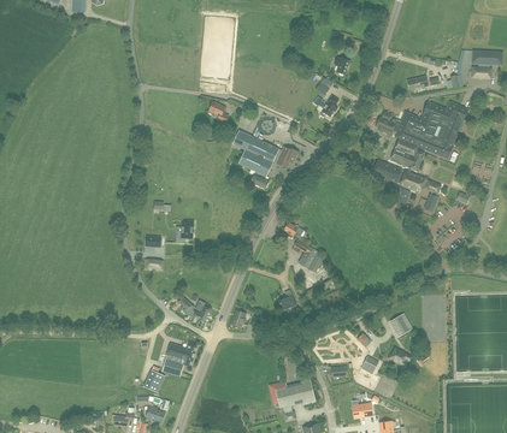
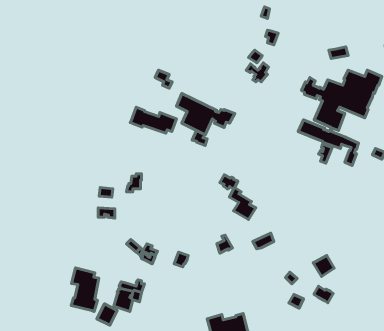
building: none -> [130,107,177,133]
building: none -> [71,268,99,312]

